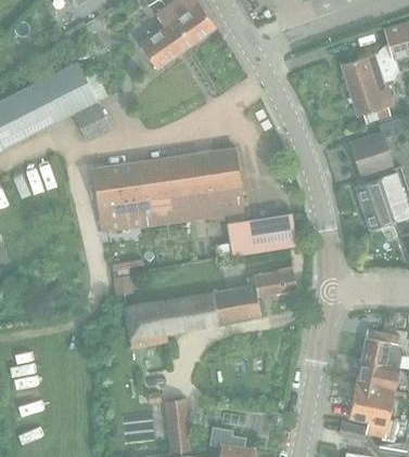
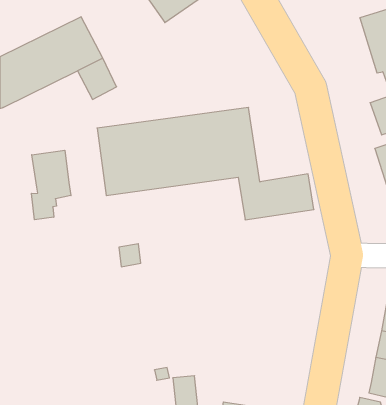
building: none -> [31,150,71,220]
building: [125,266,297,348] -> none

